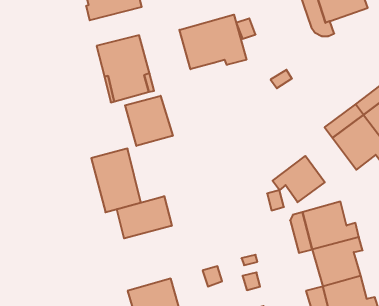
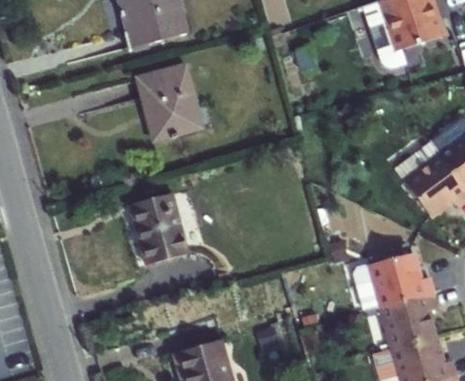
building: [179,15,246,69] -> none
building: [125,96,173,146] -> none
building: [273,156,325,202] -> none
building: [117,196,172,238] -> none

